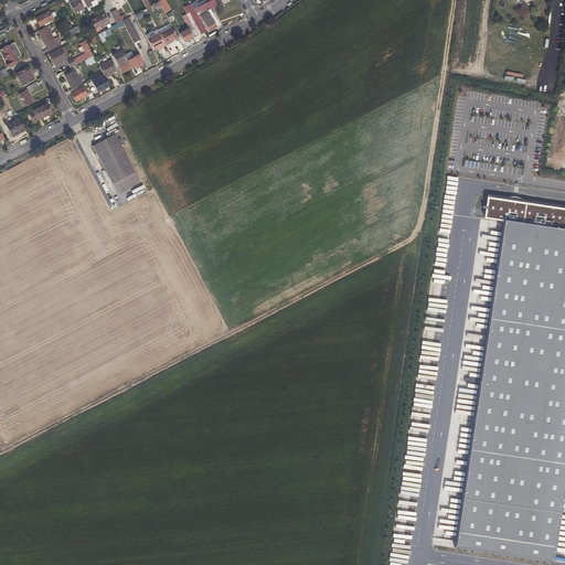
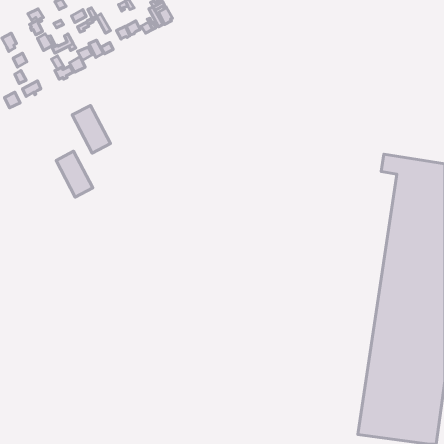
building: none -> [56,151,93,197]

